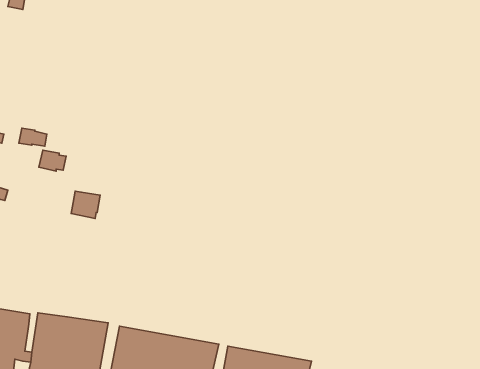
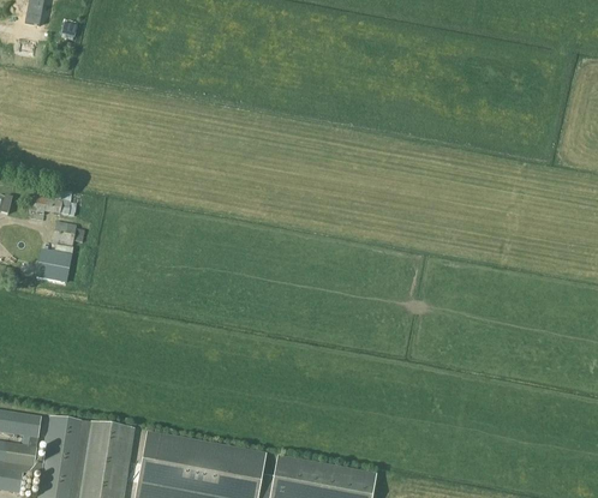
building: [71,191,100,218] -> [36,251,71,283]

